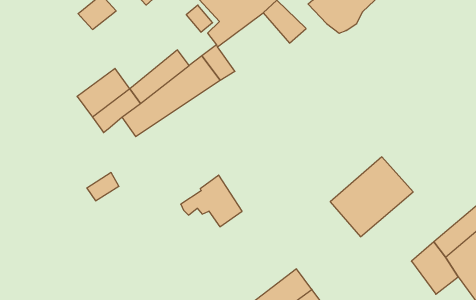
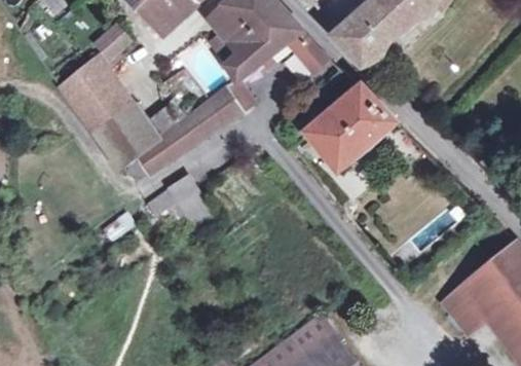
building: none -> [60,56,129,131]
building: [330,157,413,237] -> [308,84,396,169]
building: [181,175,242,227] -> [150,172,215,226]

